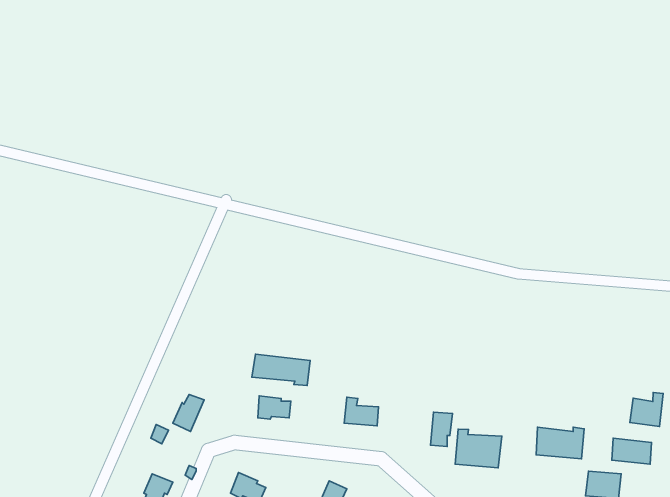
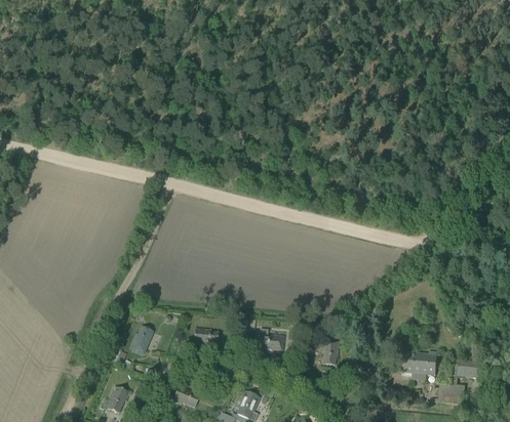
building: [252,354,310,386] -> none
building: [630,393,663,426] -> none
building: [455,429,502,468] -> none

